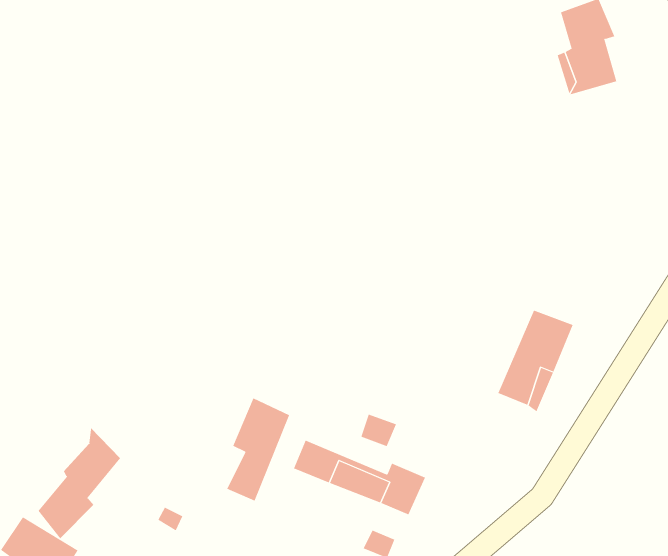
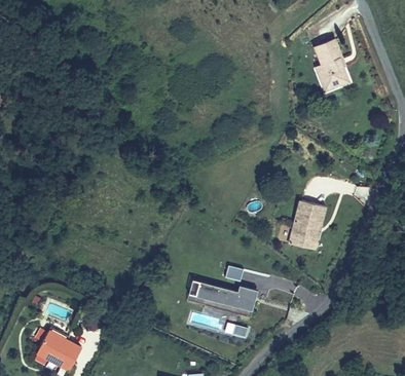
building: [226,398,290,502] -> none
building: [38,427,121,539] -> none

